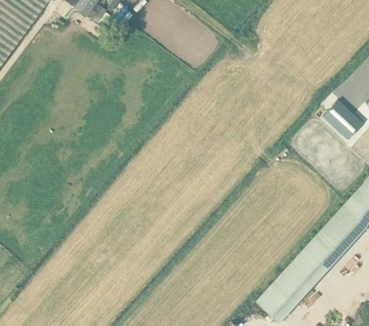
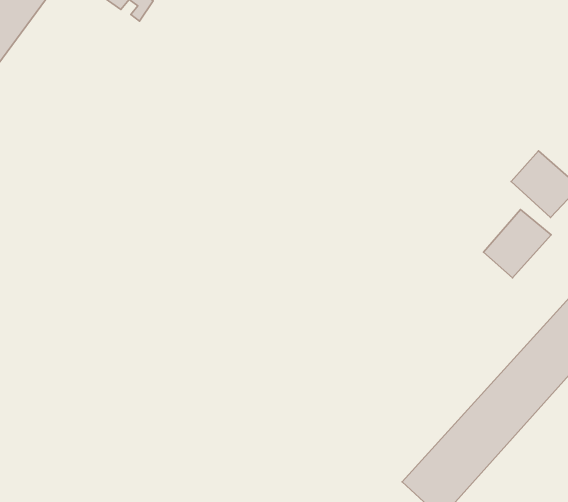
building: none -> [483,209,551,278]

